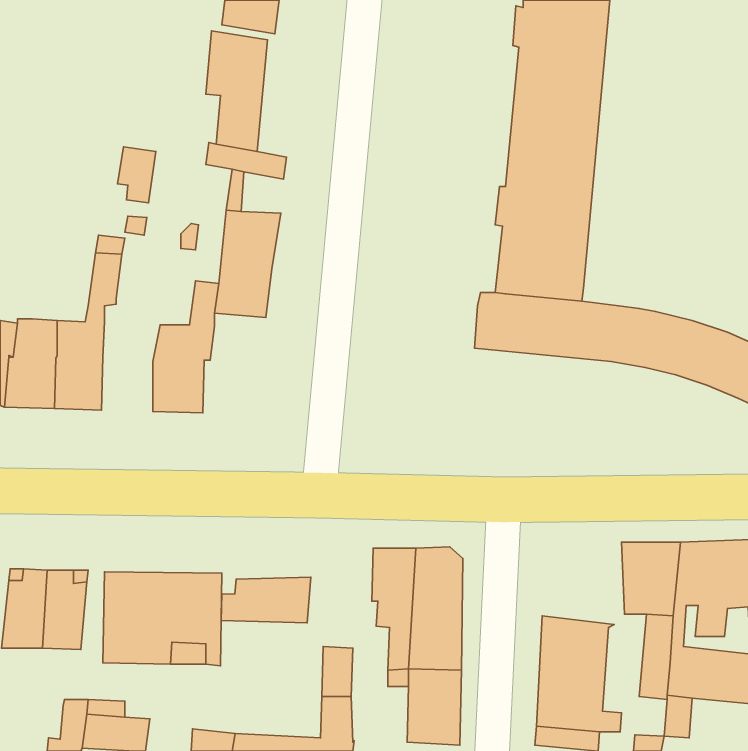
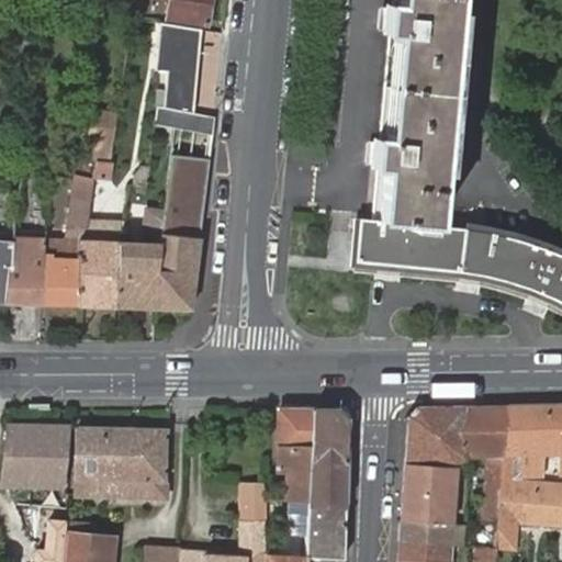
building: none -> [78,223,125,307]
building: none -> [154,234,201,308]
building: none -> [407,405,469,467]
building: [221,577,311,623] -> none

